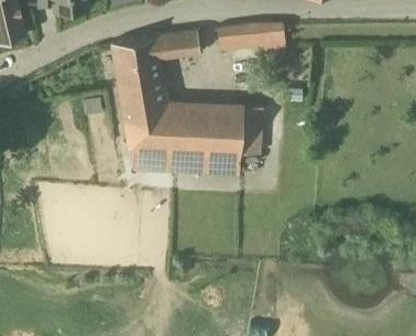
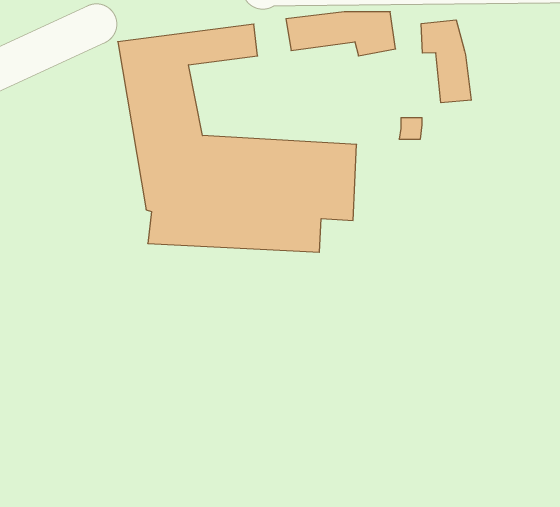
building: none -> [421,20,471,103]

